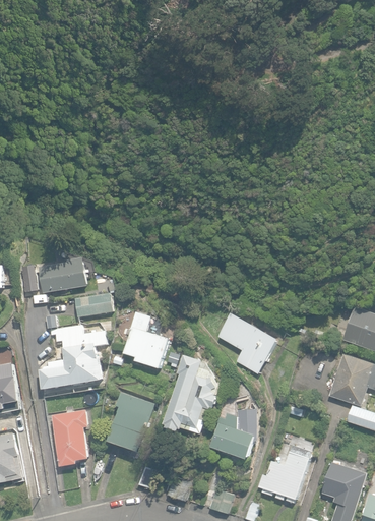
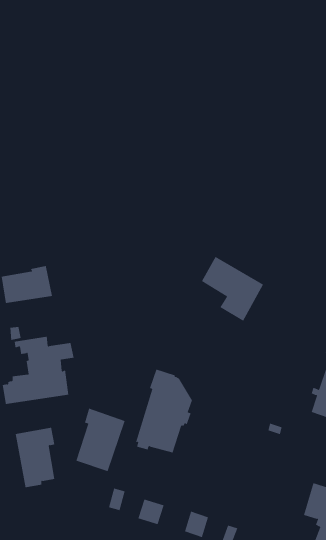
building: [75,292,113,316] -> none
building: [123,311,169,367] -> none
building: [217,312,276,373] -> [201,256,264,321]
building: [209,408,258,459] -> none
building: [257,438,310,503] -> none

